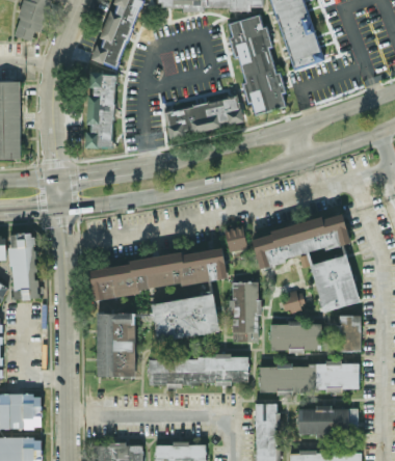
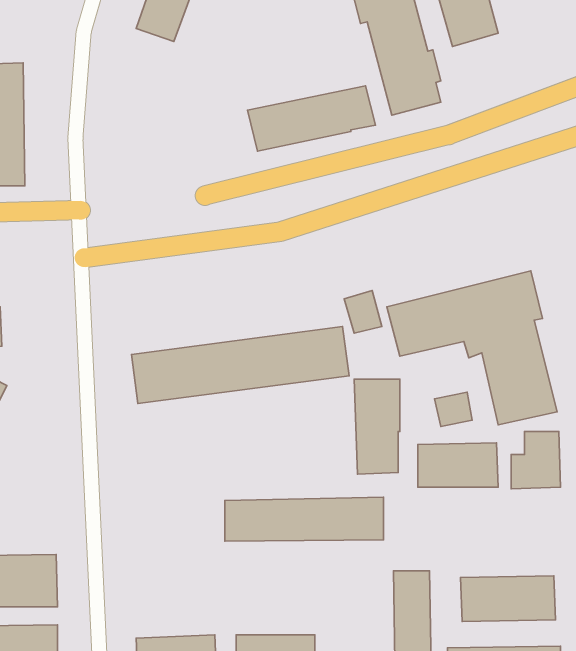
building: [85,73,114,147] -> none
building: [9,233,36,299] -> none
building: [151,294,218,341] -> none
building: [97,313,135,377] -> none
building: [259,363,359,391] -> none

